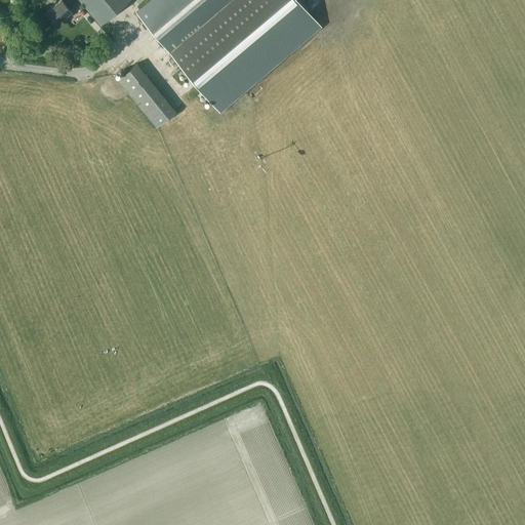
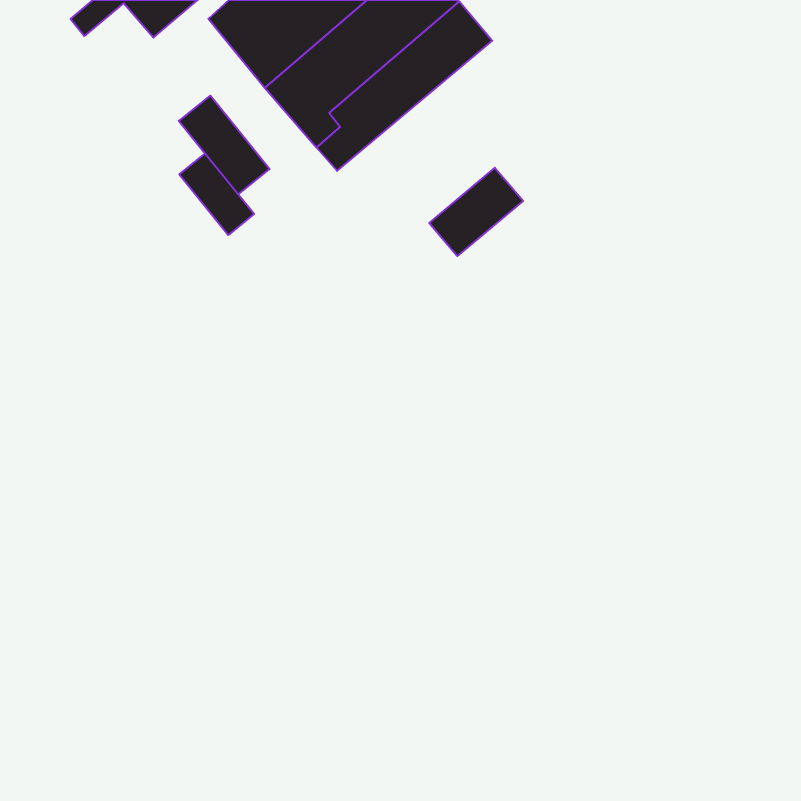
building: none -> [179,153,254,235]
building: none -> [429,168,523,256]

